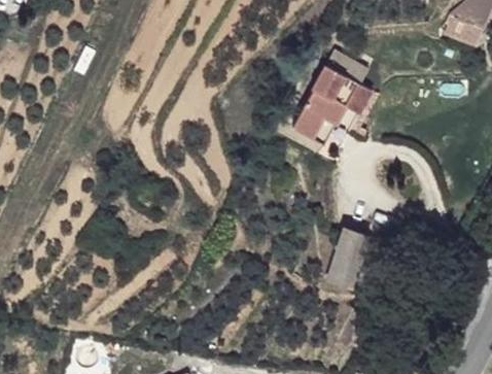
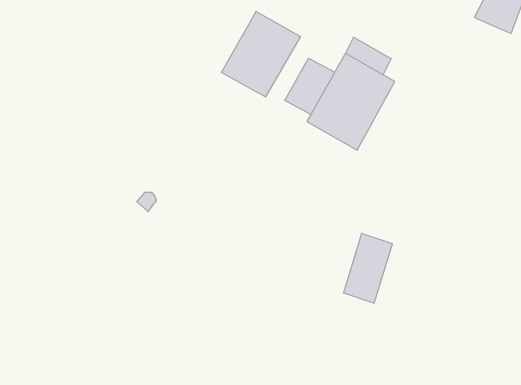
building: none -> [221,11,301,97]
building: none -> [285,58,335,114]

